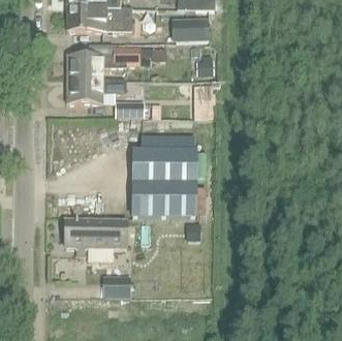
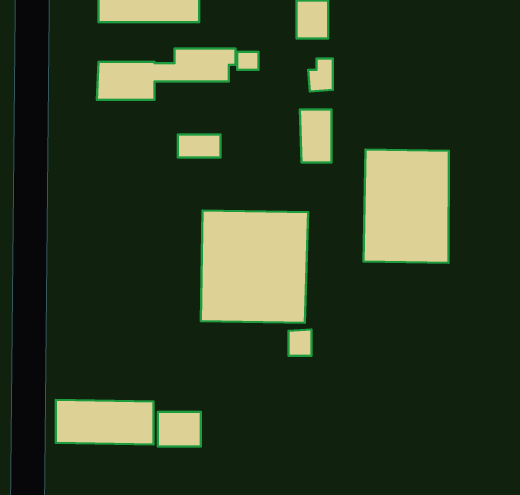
building: [65,79,125,102] -> none
building: none -> [364,150,449,263]
building: [64,219,125,247] -> [56,400,153,444]

